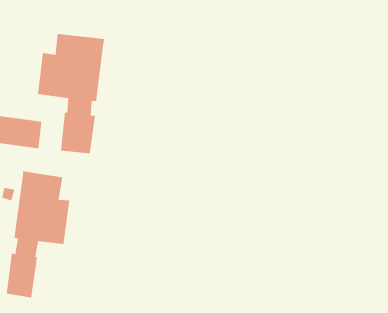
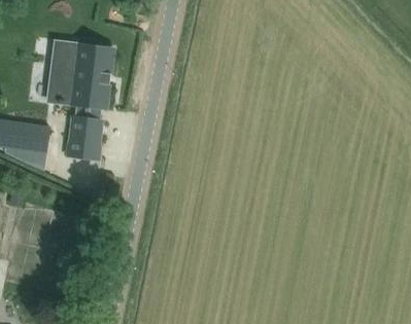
building: [6,171,70,298] -> none

